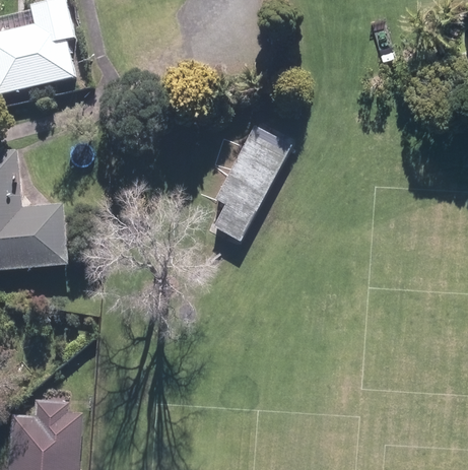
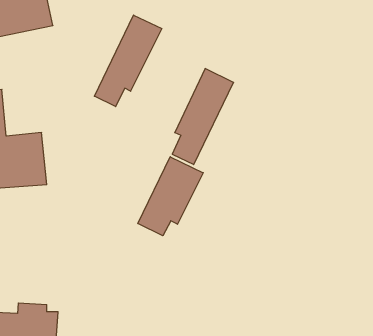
building: none -> [94,15,162,107]
building: none -> [138,157,203,236]

